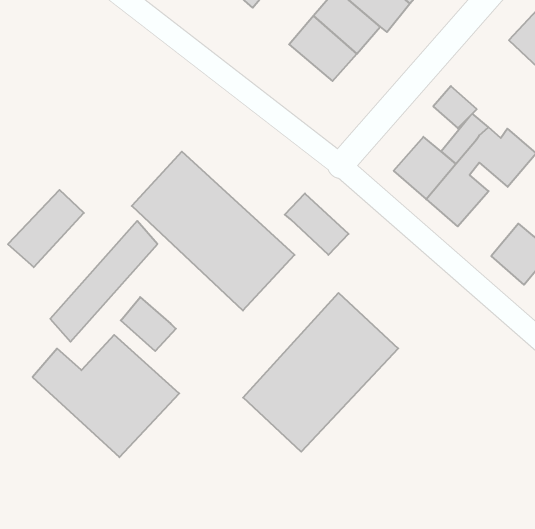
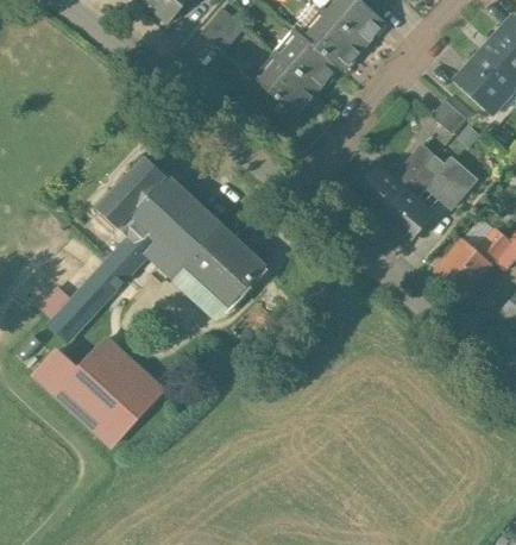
building: [433,86,477,128] -> [430,95,468,132]
building: [8,190,84,267] -> [100,155,166,223]
building: [285,193,349,255] -> none
building: [243,293,398,452] -> none
building: [121,297,176,351] -> none

